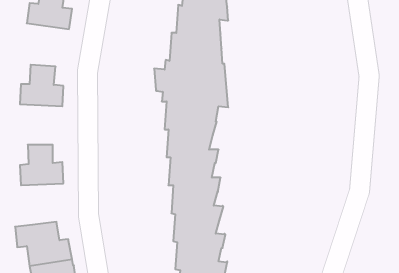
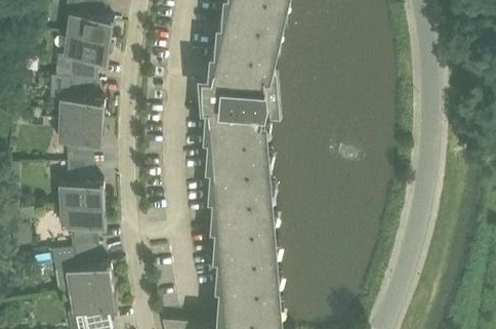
building: none -> [61,41,109,87]
building: none -> [55,127,102,170]
building: none -> [57,211,105,255]

